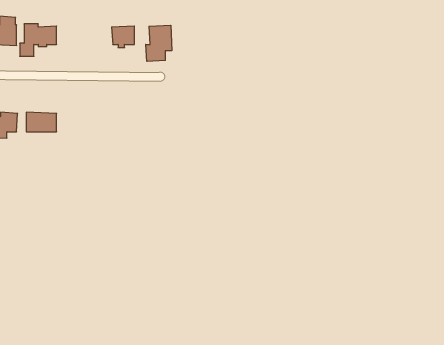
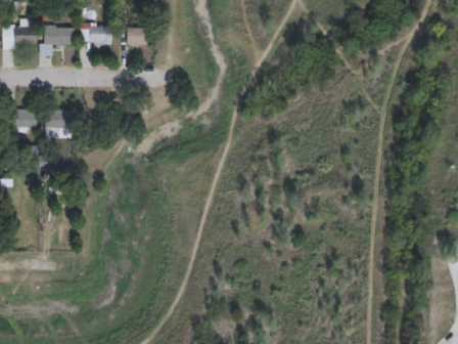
building: none -> [80,26,110,44]
building: [146,25,172,61] -> none

